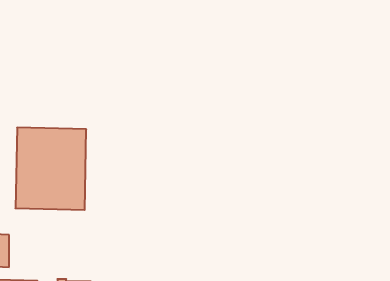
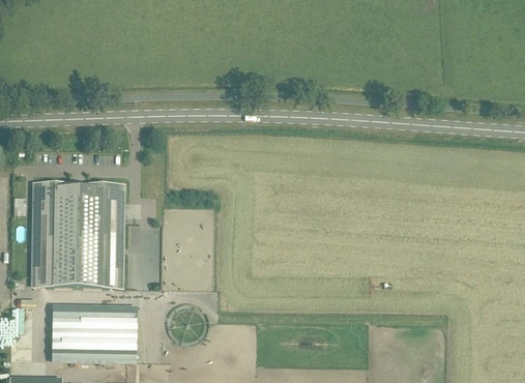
building: none -> [58,306,135,360]

